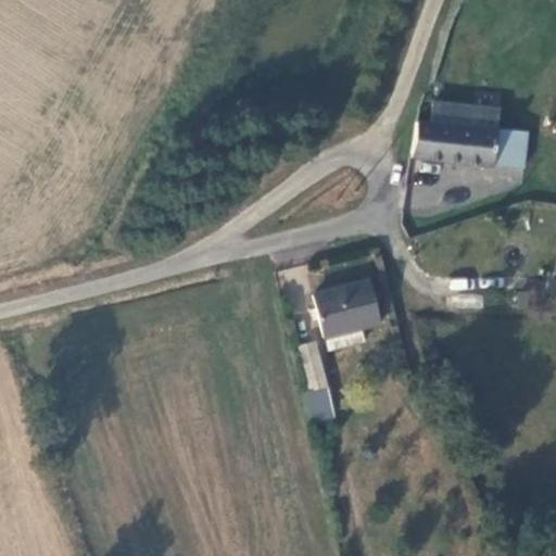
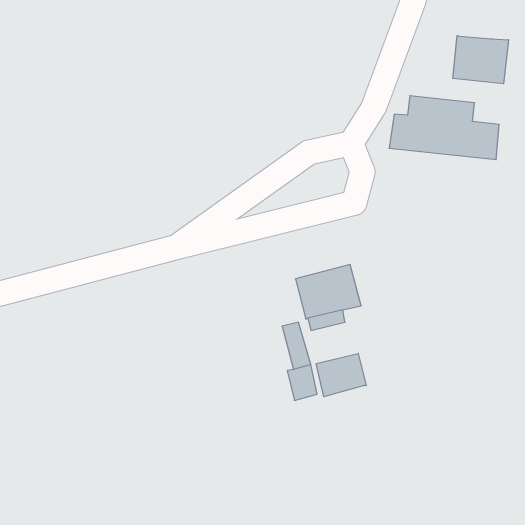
building: none -> [453,36,509,84]
building: none -> [316,353,366,397]

